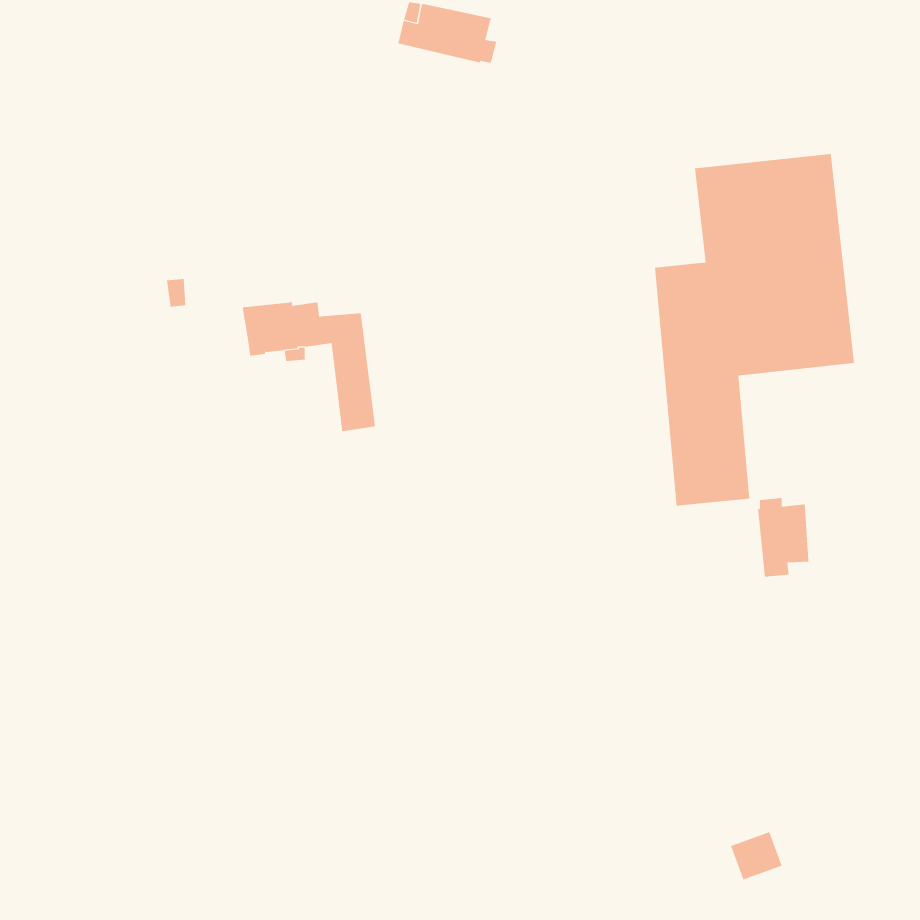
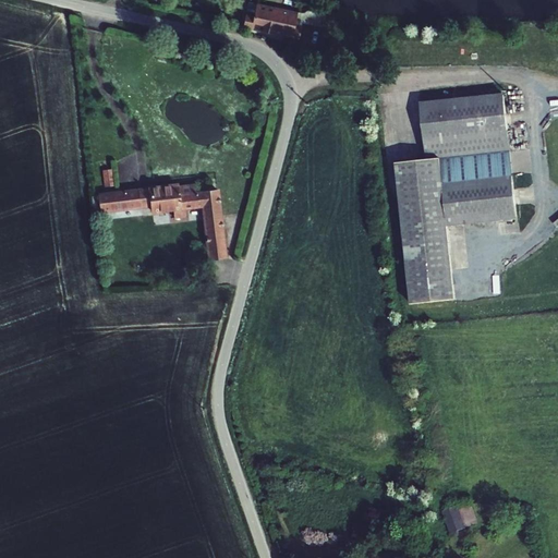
building: none -> [96,186,149,213]
building: [758,497,809,577] -> none

